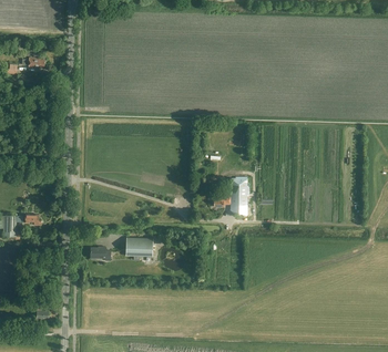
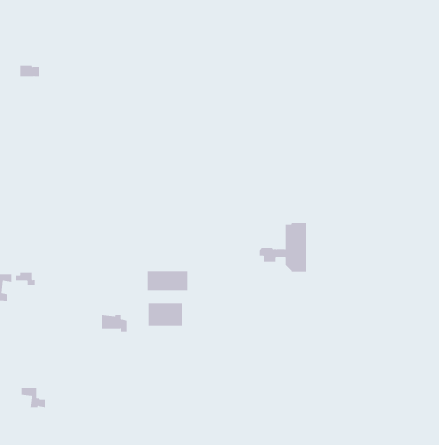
building: none -> [147,270,188,291]

